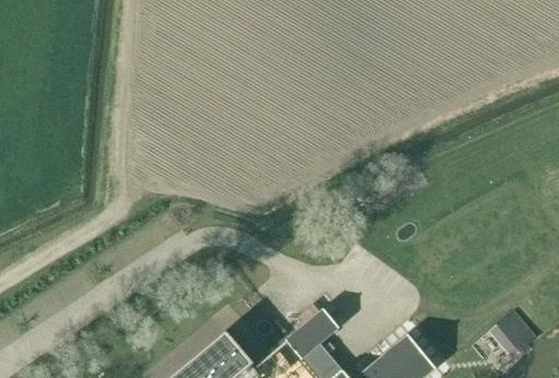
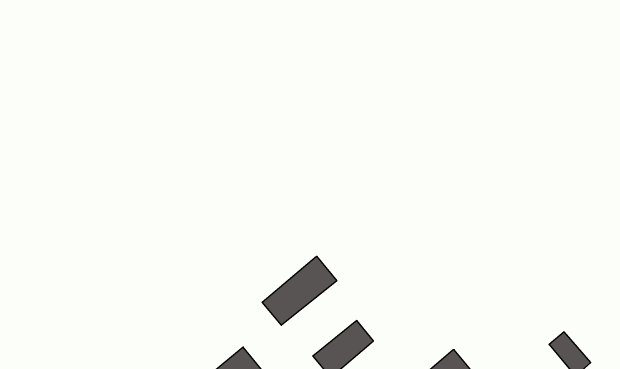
building: none -> [262,256,337,325]

